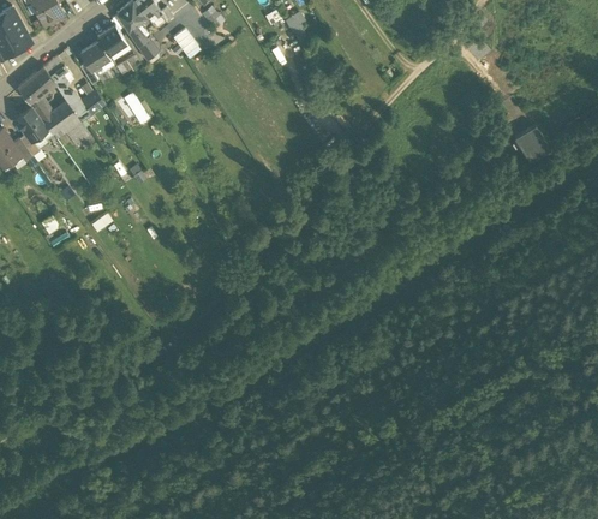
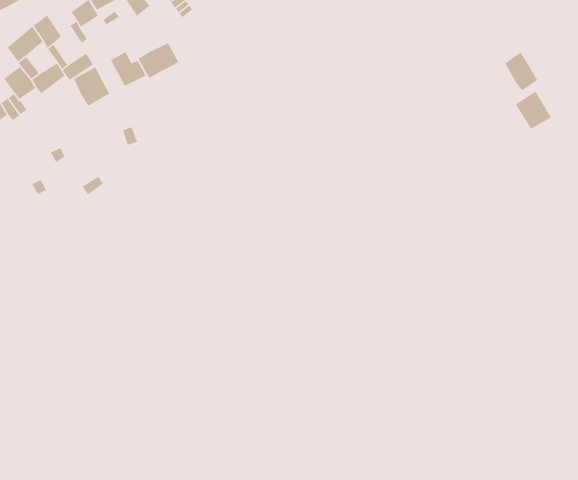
building: none -> [137,42,180,79]
building: none -> [504,51,538,91]
building: none -> [73,66,111,106]

